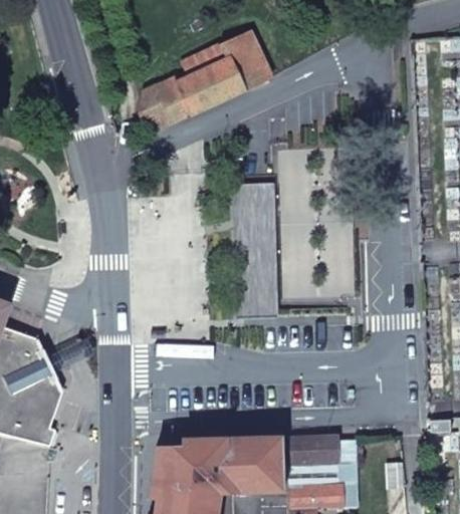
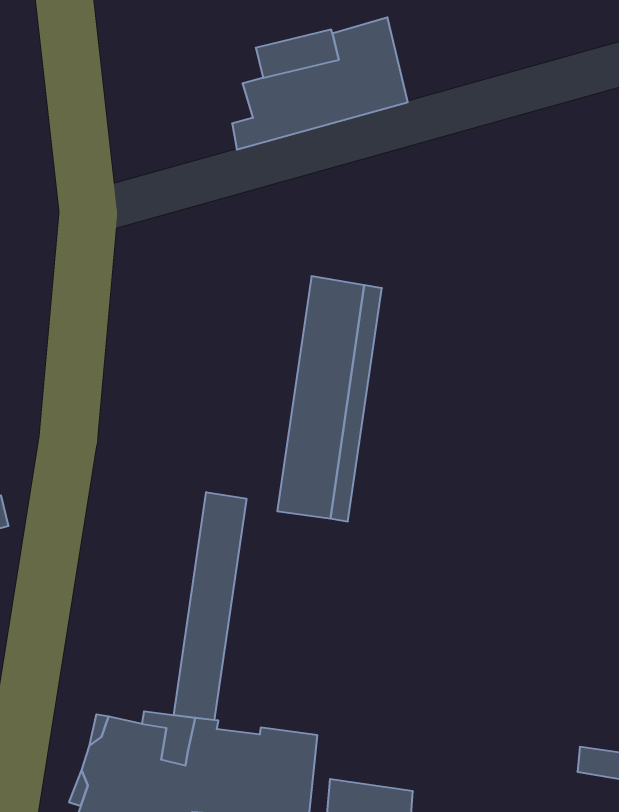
building: [142,76,187,134] -> none
building: none -> [174,492,246,720]
building: [282,434,338,461] -> none

